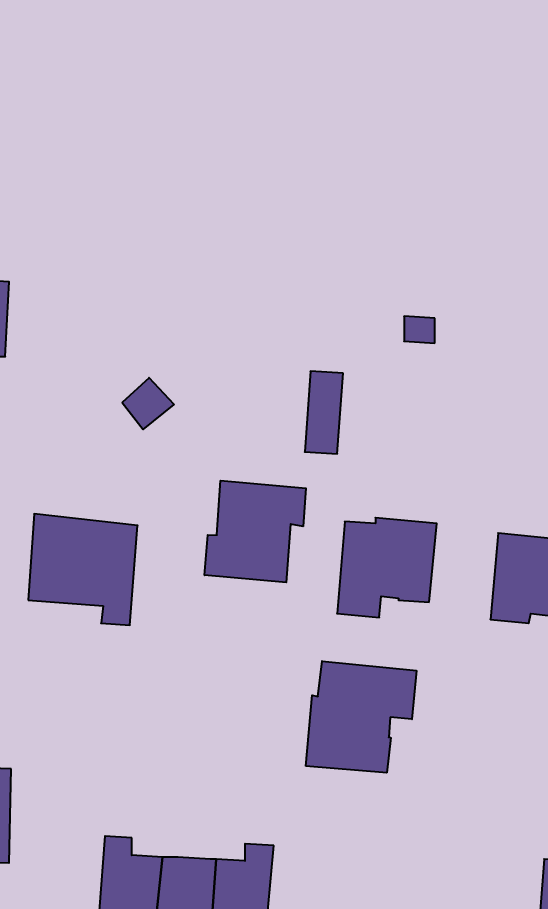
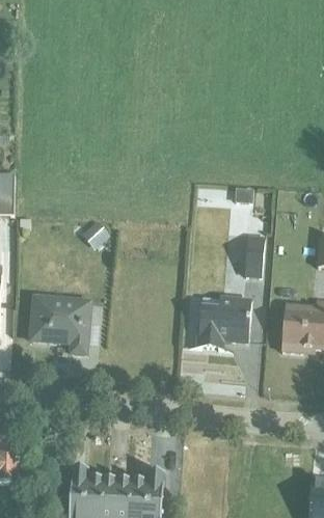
building: [305,371,343,454] -> [242,234,263,278]
building: [205,481,306,582] -> none
building: [306,661,416,773] -> none

